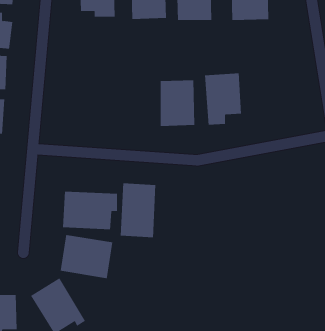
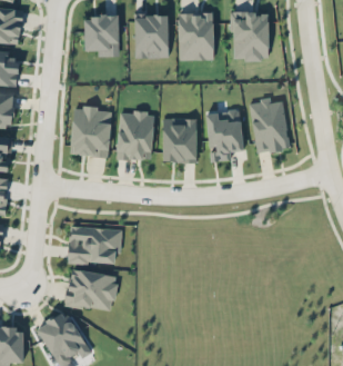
building: none -> [250,99,290,152]
building: none -> [71,107,112,157]
building: none -> [118,111,154,160]
building: [120,183,156,238] -> none

